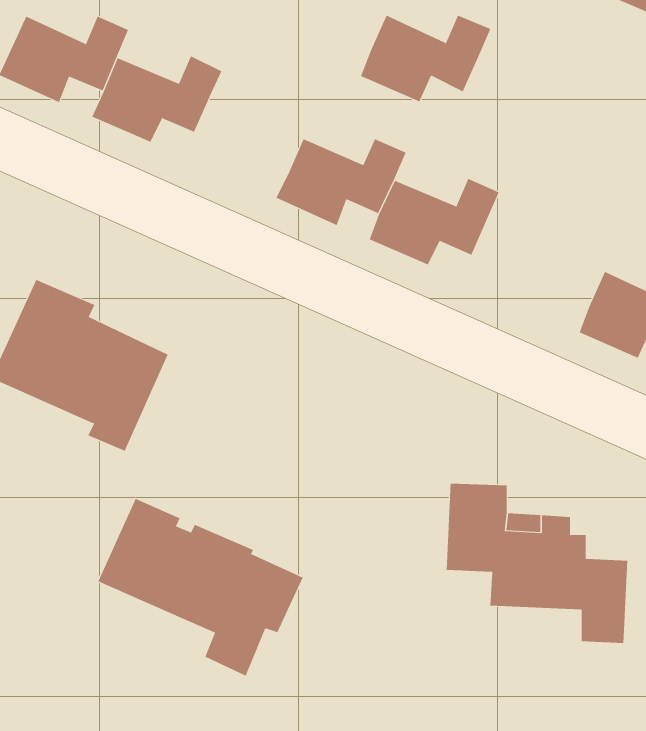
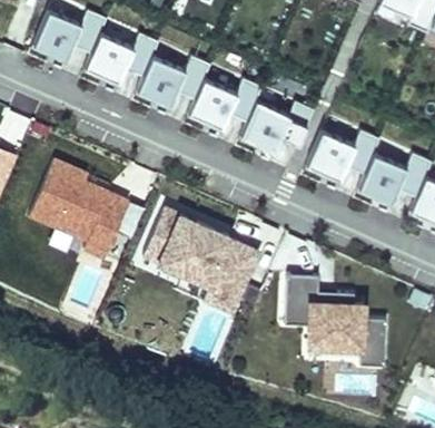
building: [360,15,491,102] -> [138,58,211,107]
building: none -> [307,133,380,182]
building: [97,498,303,677] -> [144,208,259,309]

